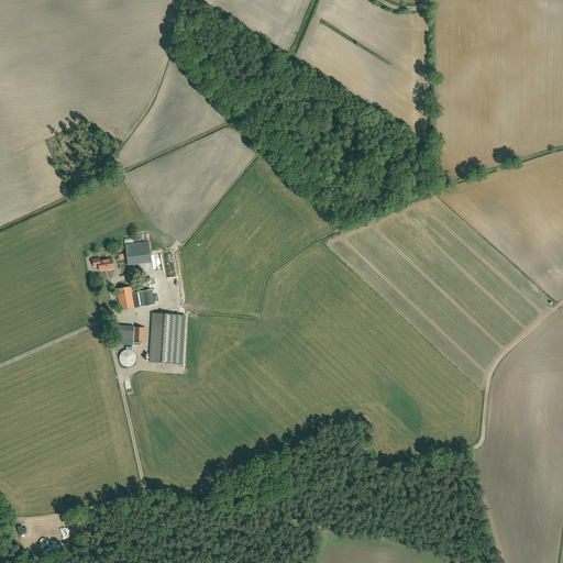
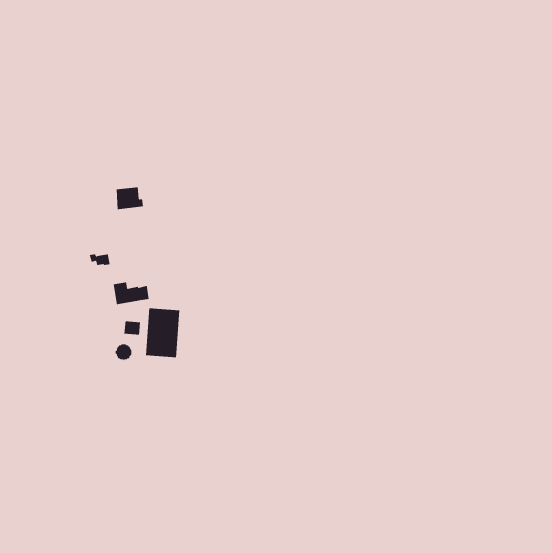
building: [126,241,155,264] -> [116,187,144,210]

